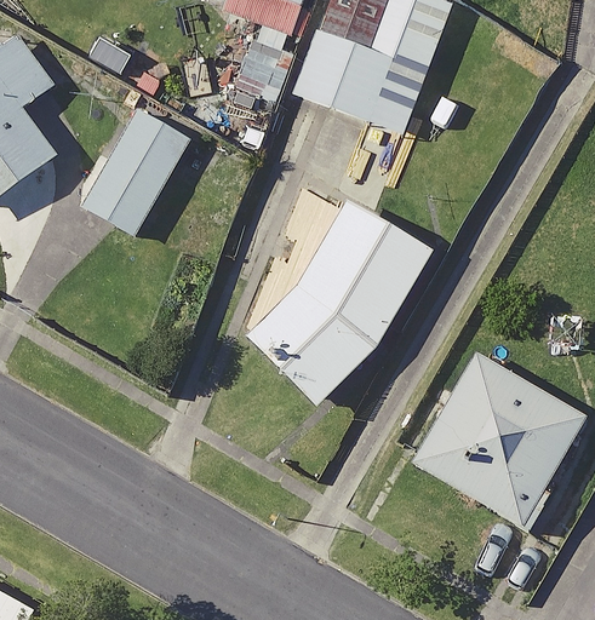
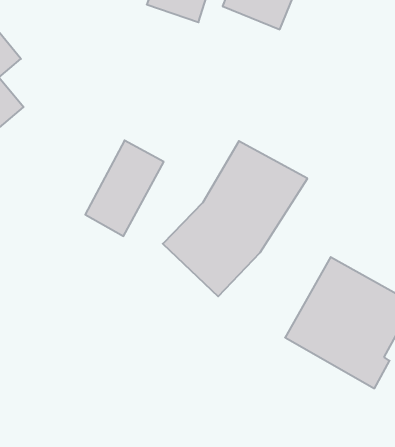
building: [292,29,394,122] -> none
building: [84,107,190,236] -> [85,140,164,236]

